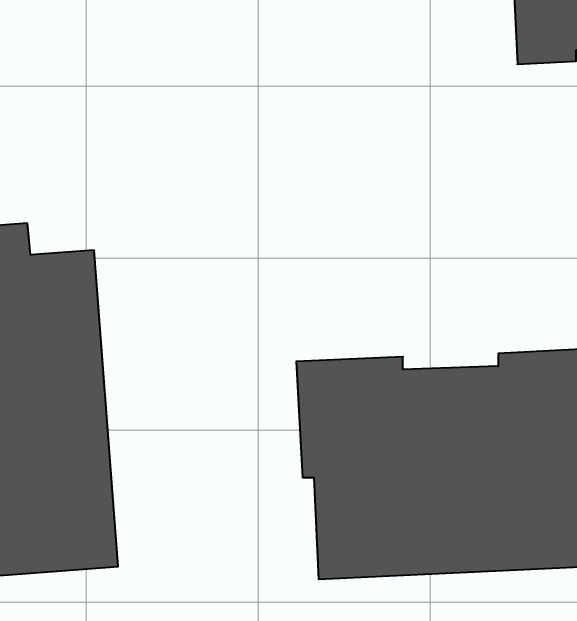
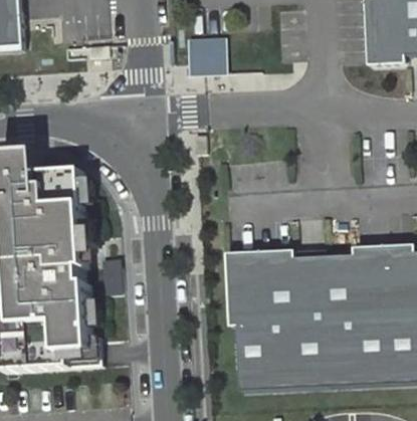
building: none -> [187,36,226,73]

